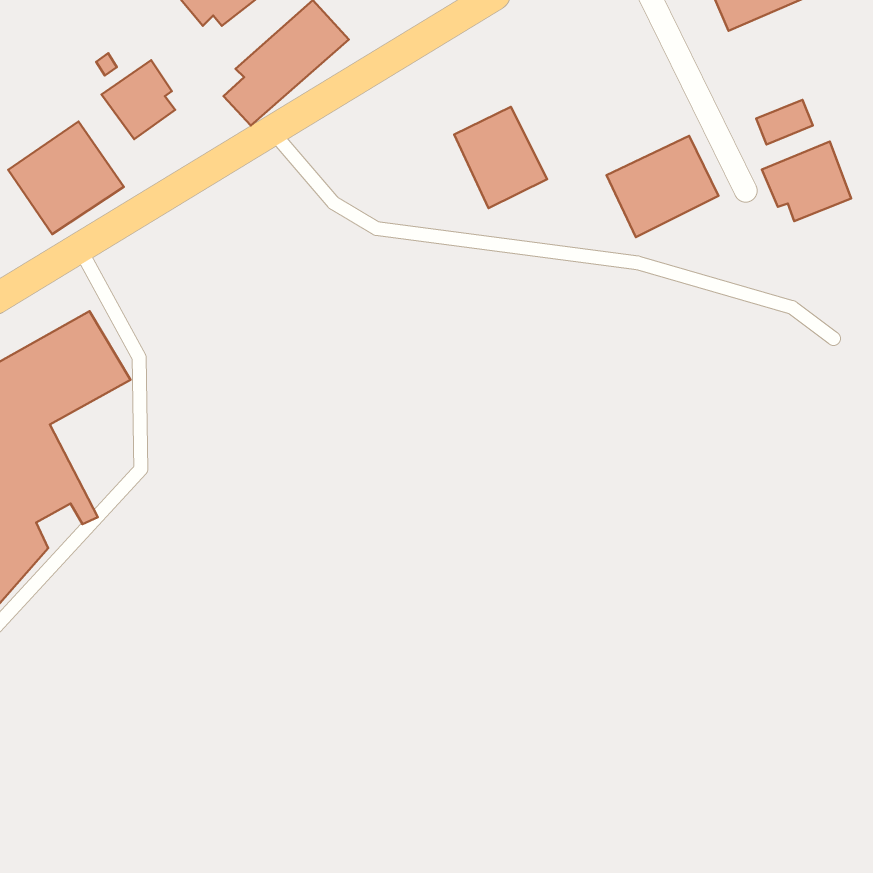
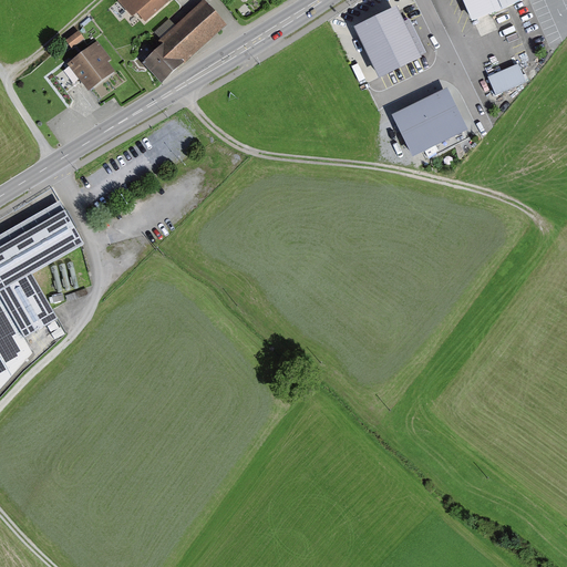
building: [454,107,547,208] -> [355,8,415,73]
building: [8,122,124,234] -> none
building: [762,142,851,221] -> none

